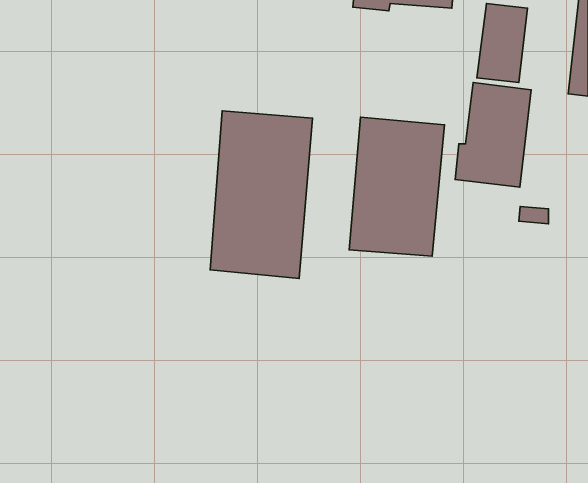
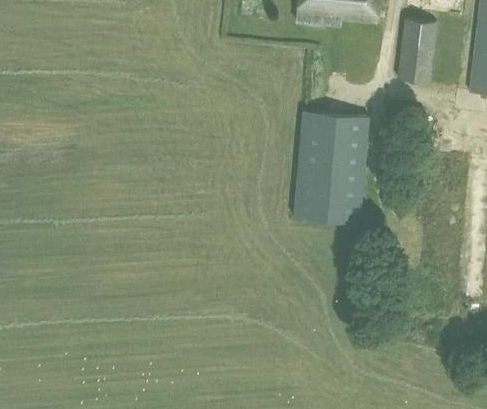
building: [455,82,531,187] -> none
building: [210,111,313,278] -> none

